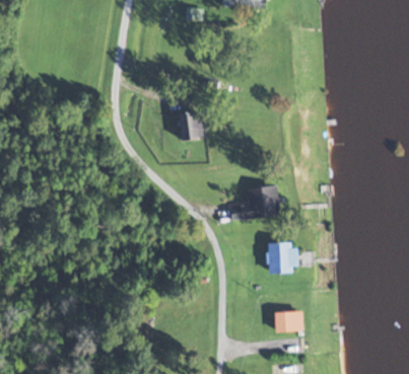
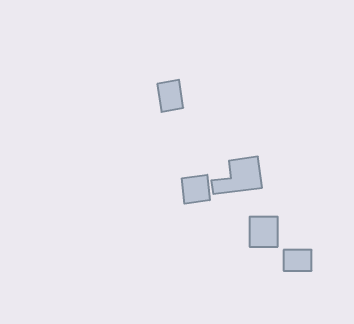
building: none -> [182,175,210,204]
building: [276,311,303,331] -> [284,250,312,271]

